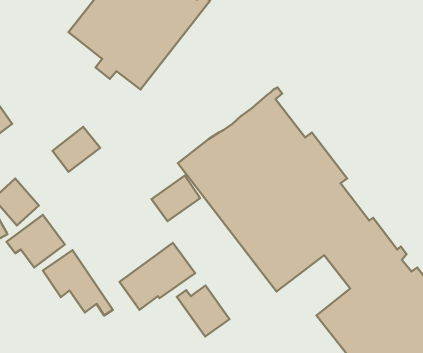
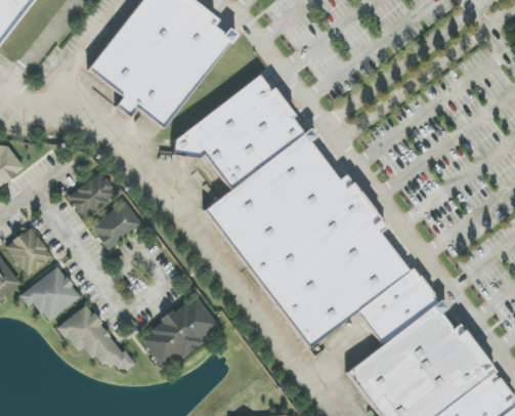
building: none -> [171,72,305,189]
building: [151,175,200,221] -> [91,200,143,249]
building: [177,285,230,337] -> none

